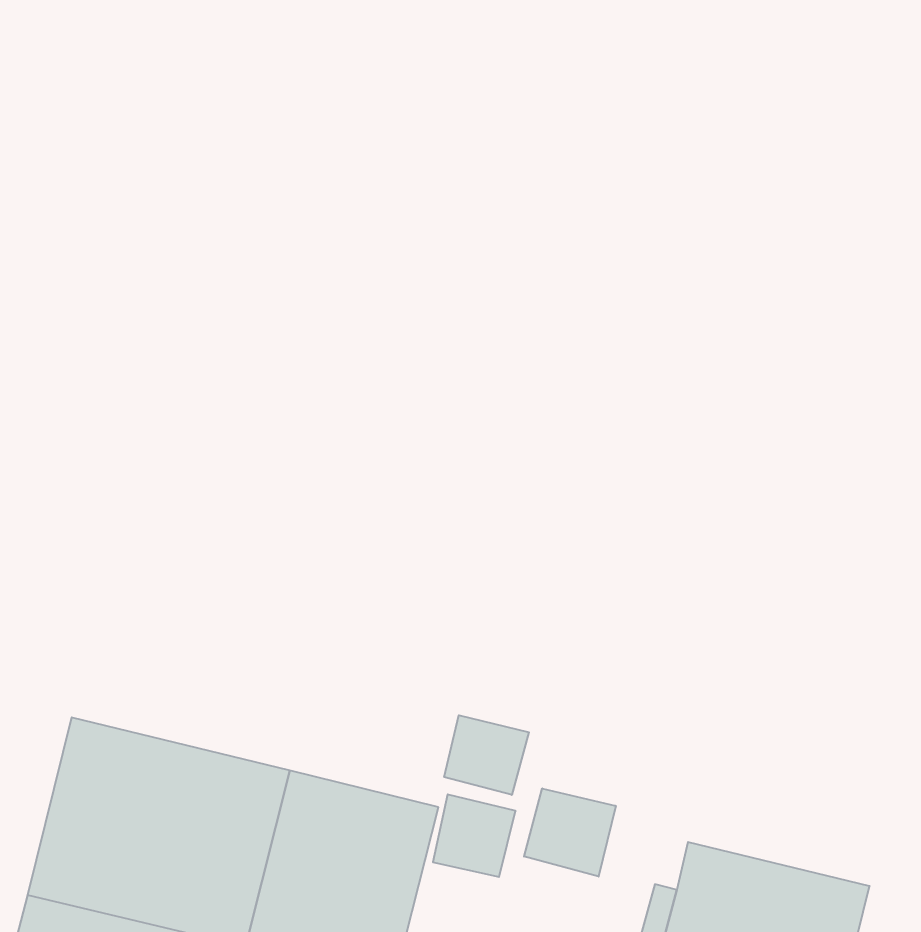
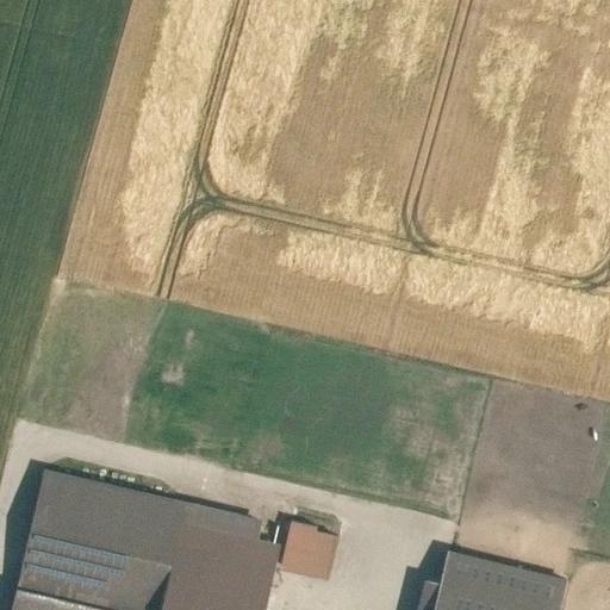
building: [444,715,529,795] -> none
building: [524,788,616,877] -> none

